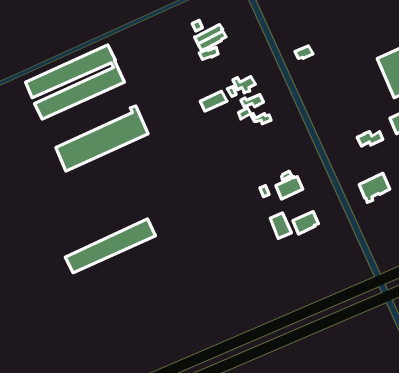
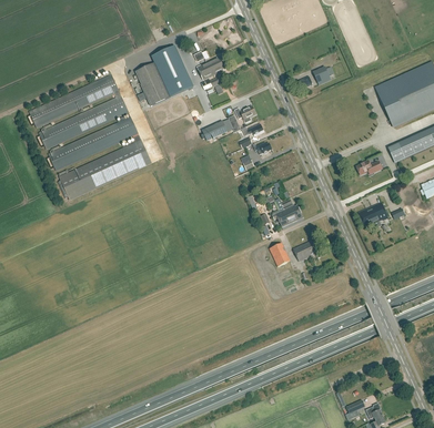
building: none -> [134,44,193,104]
building: [65,219,156,273] -> [48,115,137,169]

